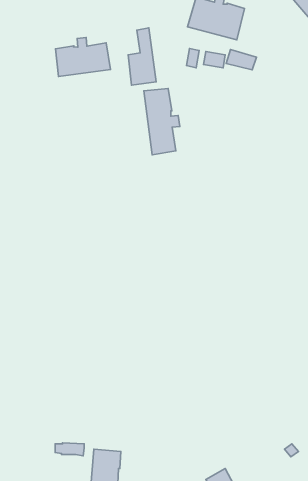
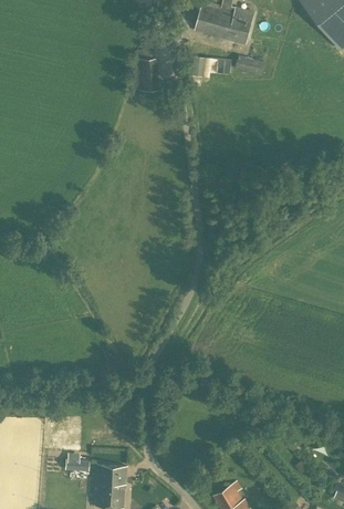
building: [56,38,110,76] -> none
building: [144,89,180,155] -> none

